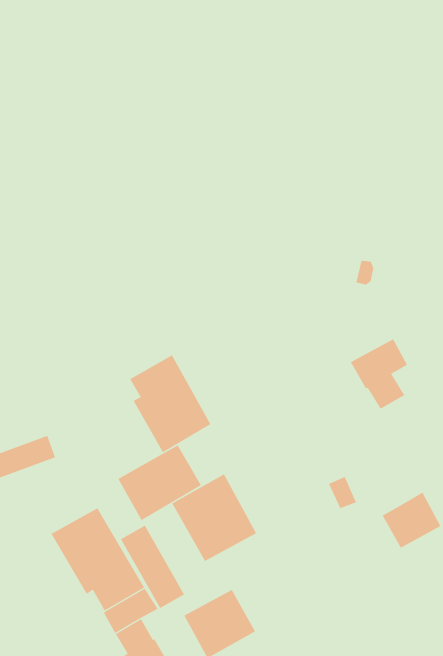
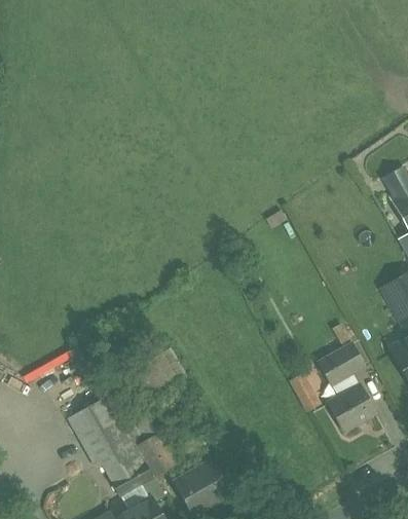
building: [350,338,408,410] -> [319,341,364,397]
building: [129,354,211,453] -> none
building: [171,473,257,562] -> none

